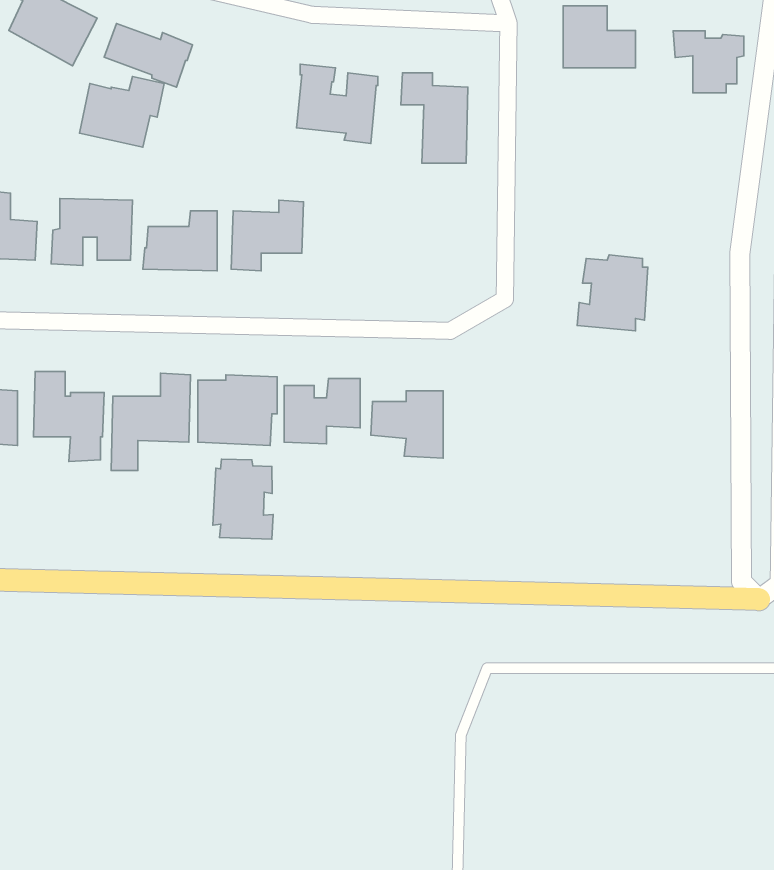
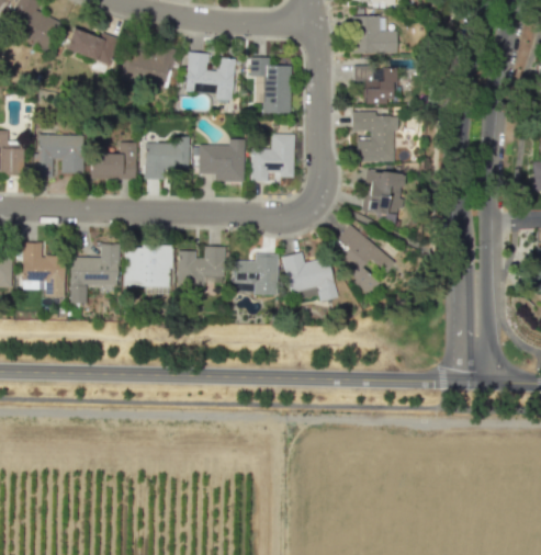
building: [673,31,744,93] -> [353,65,397,103]
building: [79,77,164,147] -> [125,45,178,89]
building: none -> [352,112,398,162]
building: none -> [251,134,296,182]
building: none -> [200,145,247,182]
building: none -> [336,224,395,296]
building: none -> [281,252,338,303]
building: [213,459,273,539] -> none

